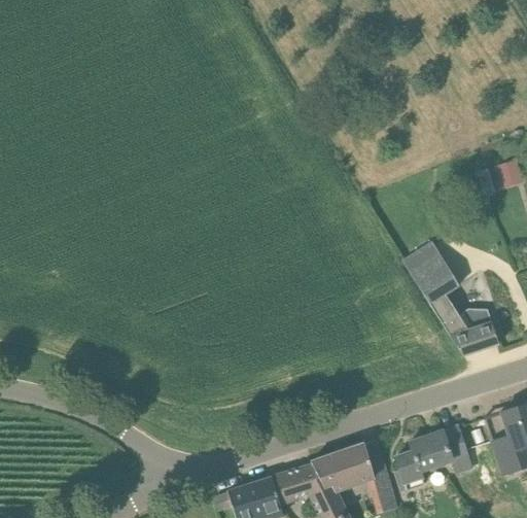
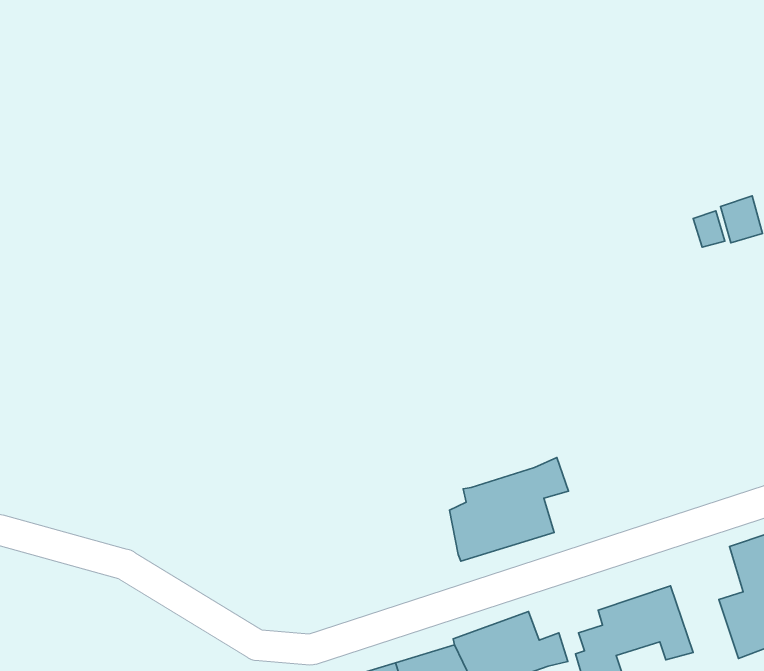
building: [402,242,498,354] -> none
building: none -> [449,458,569,561]

